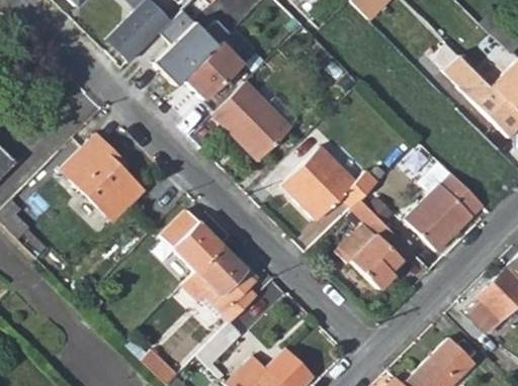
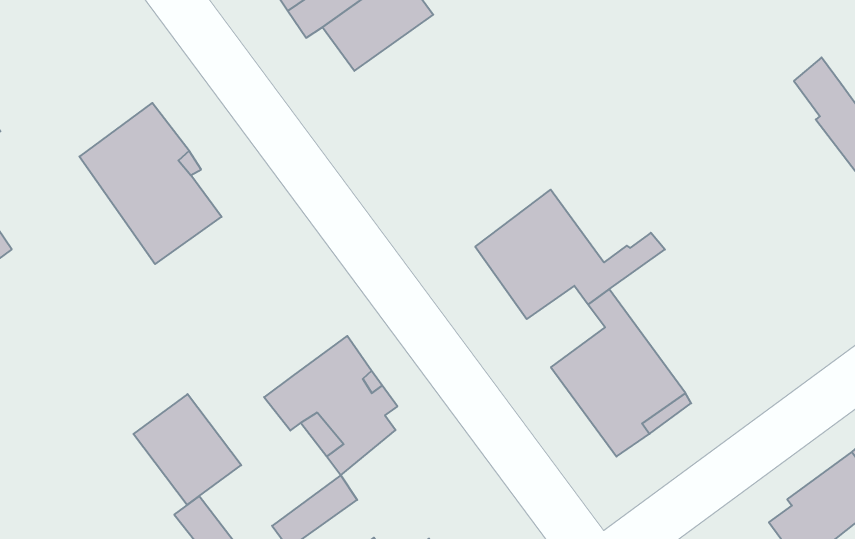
building: [211,81,297,162] -> none
building: [406,160,486,250] -> none
building: [160,211,222,272] -> [133,394,241,505]

